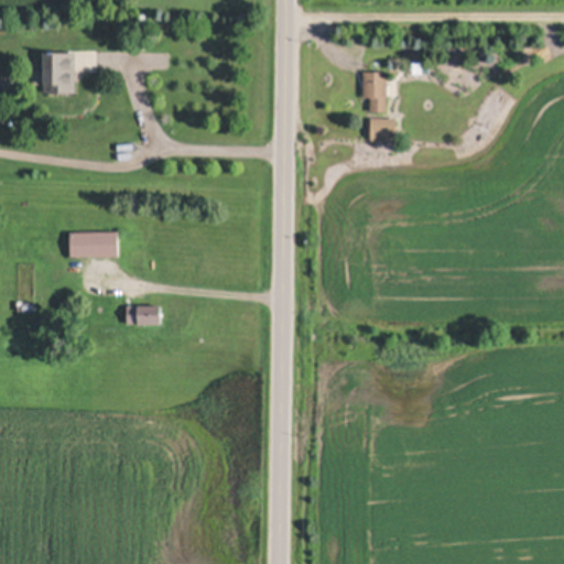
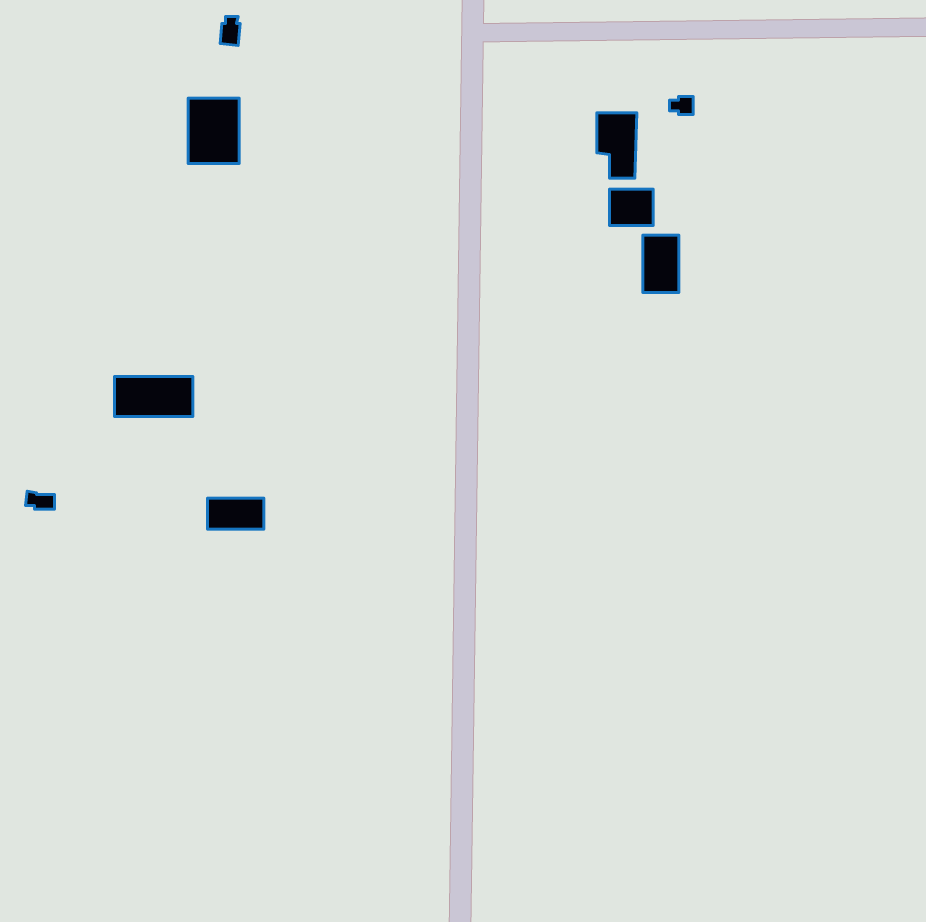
building: [43,53,74,93] -> [188,98,239,163]
building: none -> [643,235,679,293]

